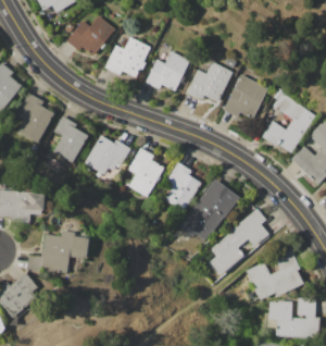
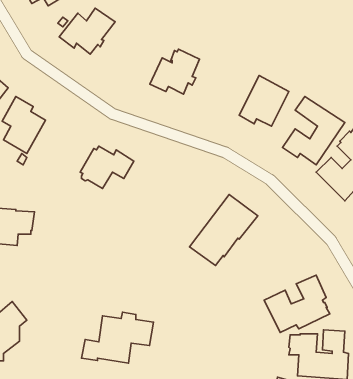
building: [104,36,150,77] -> none
building: [187,61,233,101] -> none
building: [52,116,88,163] -> none
building: [128,148,164,197] -> none
building: [164,162,201,211] -> none
building: [210,209,269,274] -> none
building: [26,230,89,274] -> [81,312,153,363]

